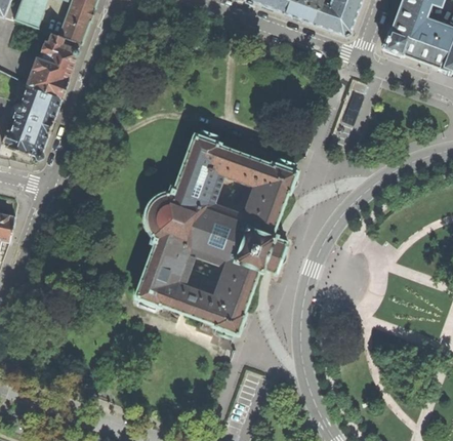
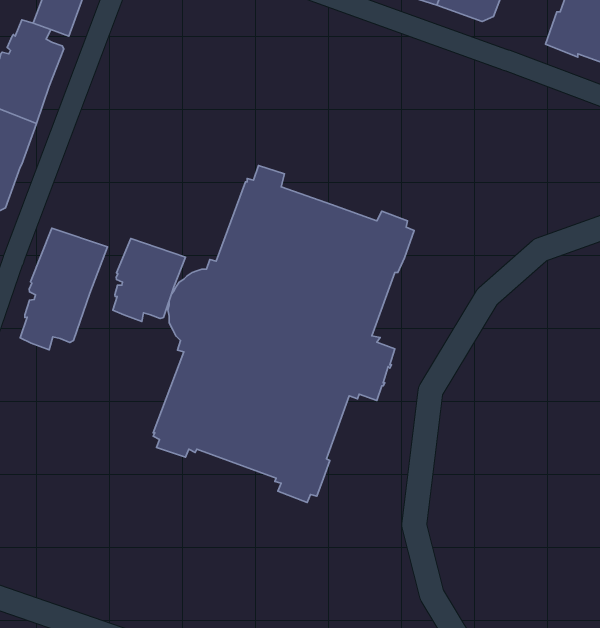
building: none -> [20,228,108,350]
building: none -> [113,238,185,321]

